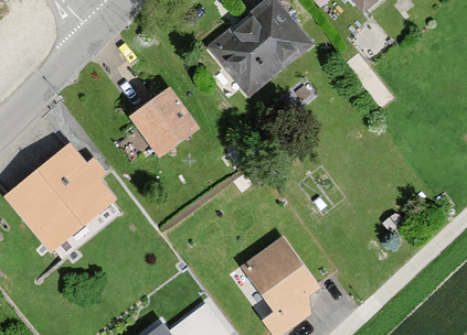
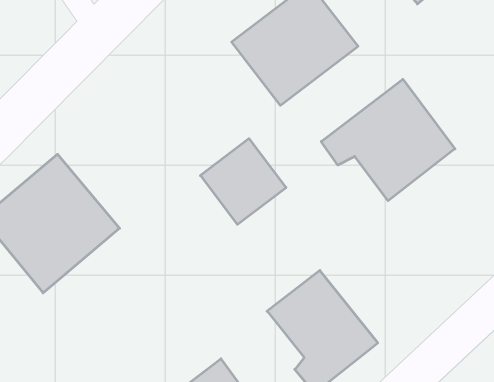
building: none -> [321,79,455,201]
building: [126,84,198,155] -> [200,139,286,224]

